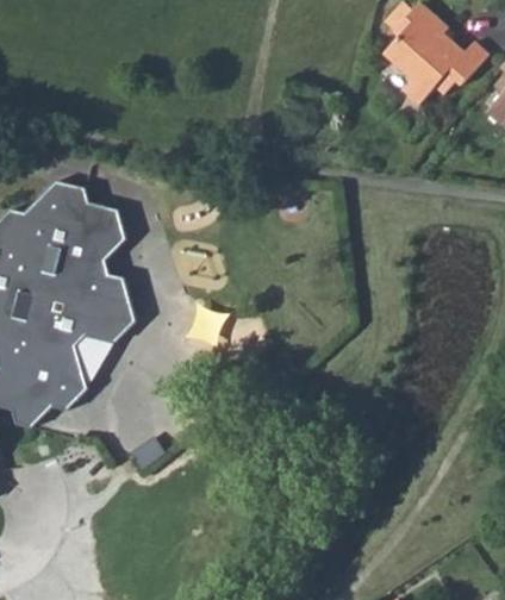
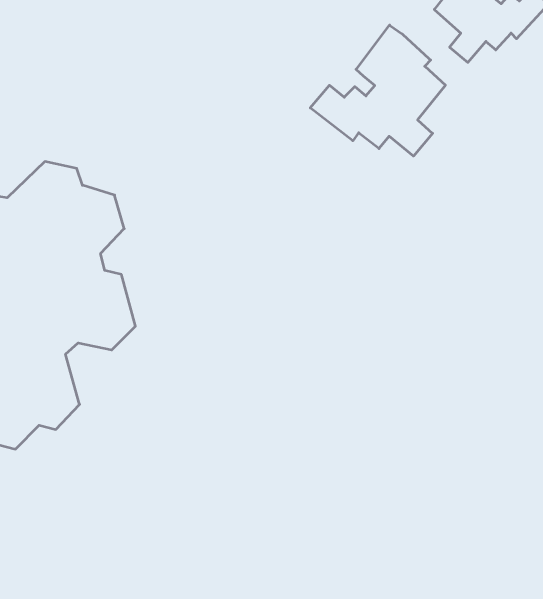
building: none -> [310,25,445,156]

